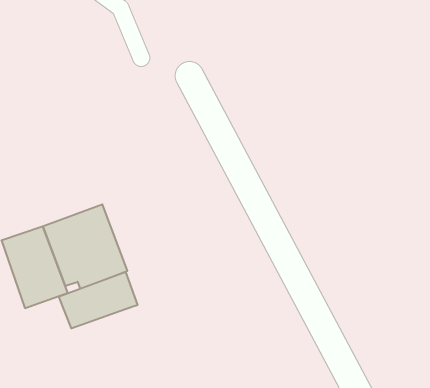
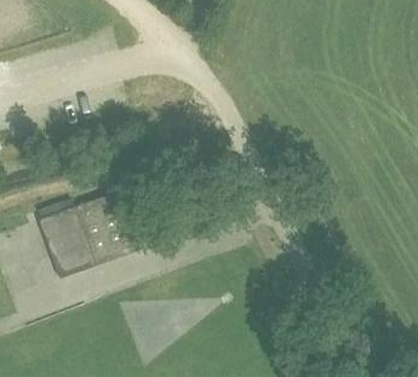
building: [59,272,137,328] -> none

